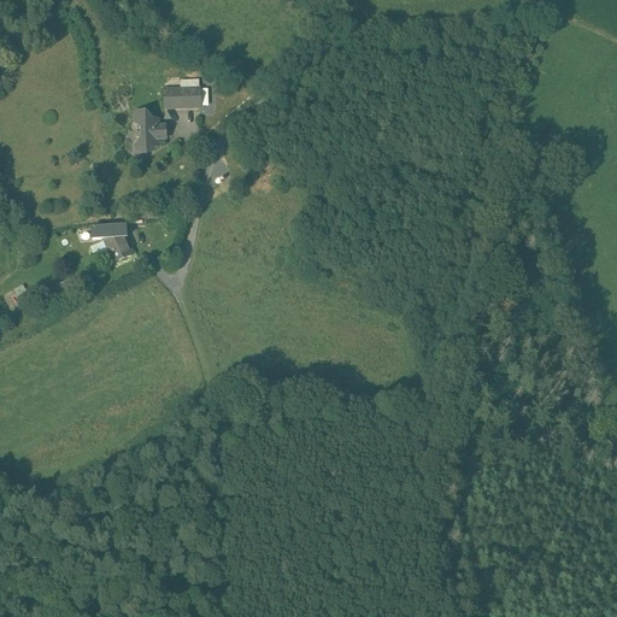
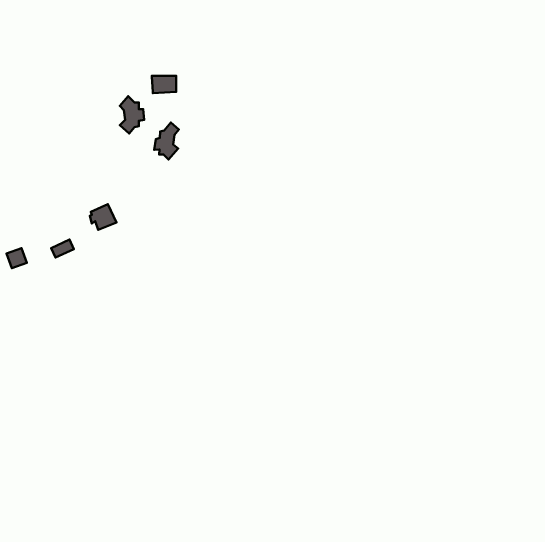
building: none -> [154,123,179,159]

